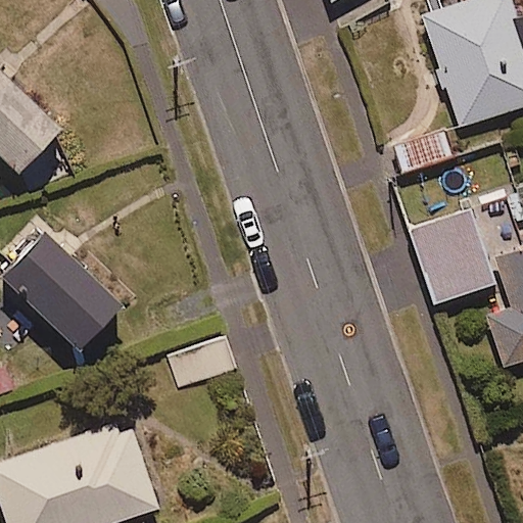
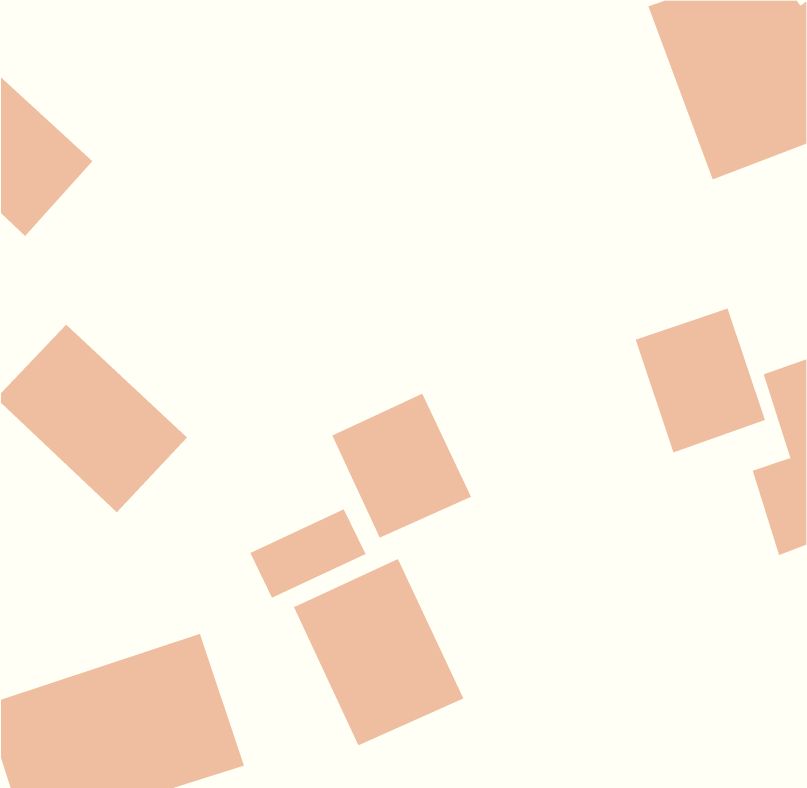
building: none -> [331,393,472,539]
building: none -> [293,558,464,746]

